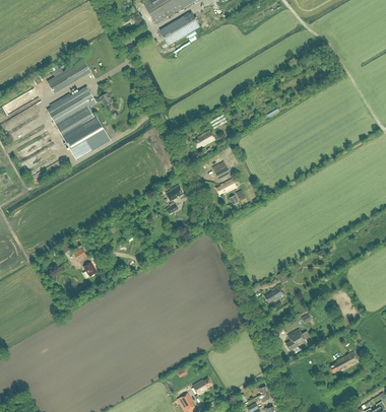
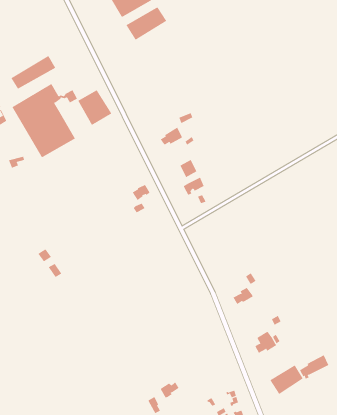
building: none -> [78,90,112,126]
building: none -> [270,364,303,395]

